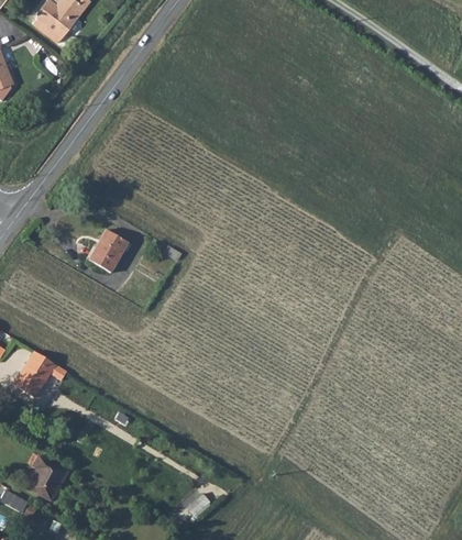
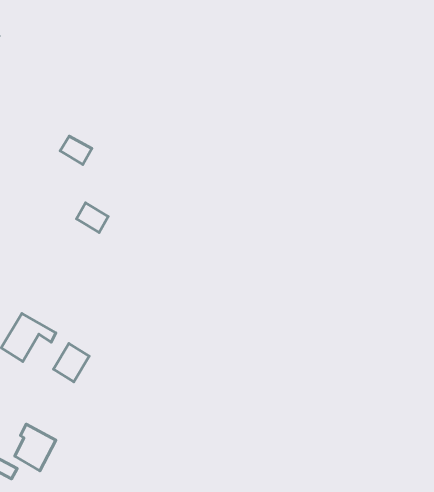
building: [96,231,127,258] -> [60,136,92,165]
building: none -> [53,343,89,382]

